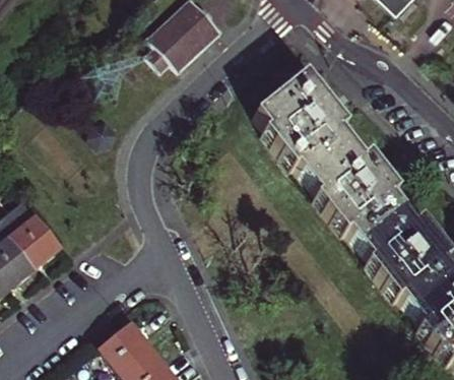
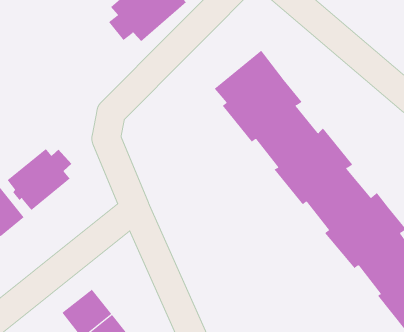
building: none -> [7,148,72,211]

